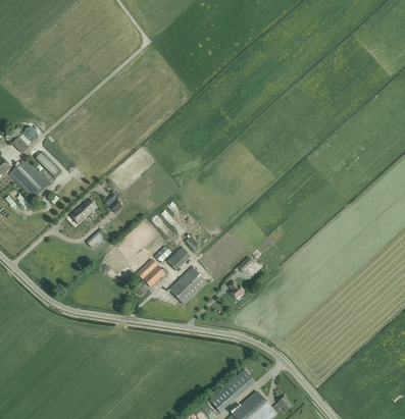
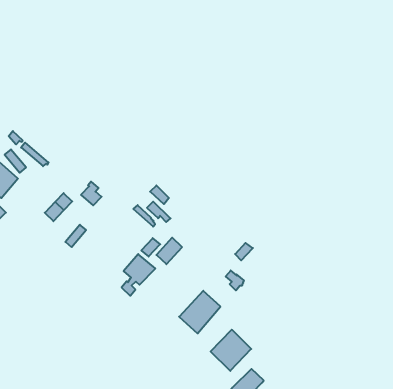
building: [168,266,206,304] -> [179,291,220,333]
building: none -> [211,330,251,371]

